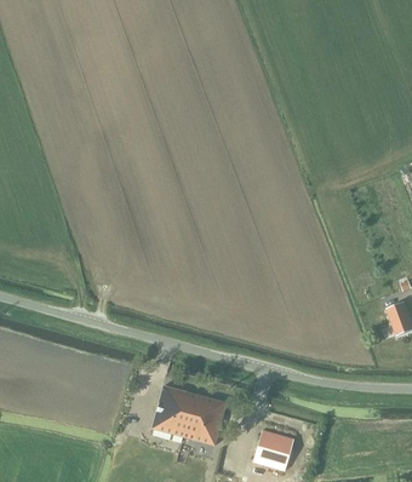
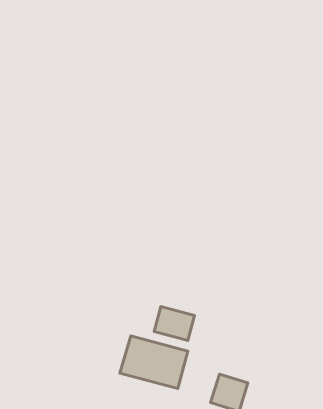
building: none -> [154,306,194,341]

